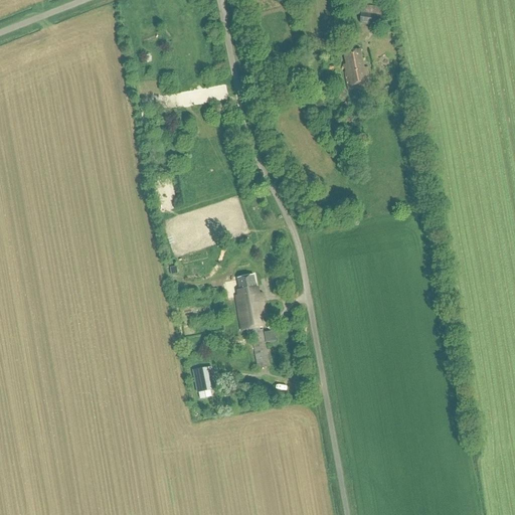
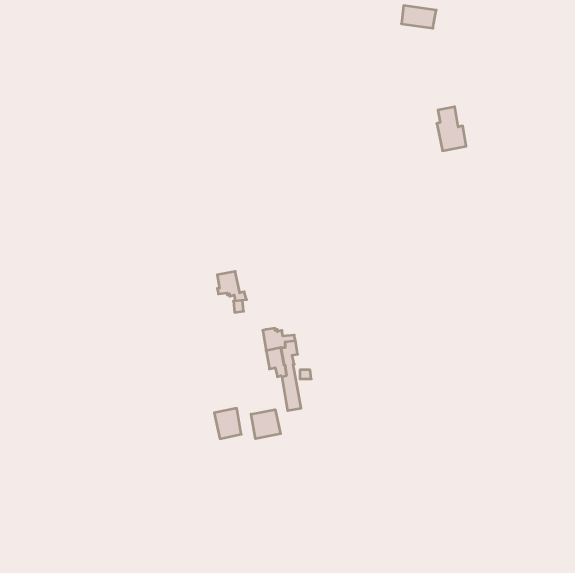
building: [343,49,369,89] -> [437,107,466,151]
building: [236,274,263,300] -> [217,271,247,301]
building: none -> [251,410,281,439]

